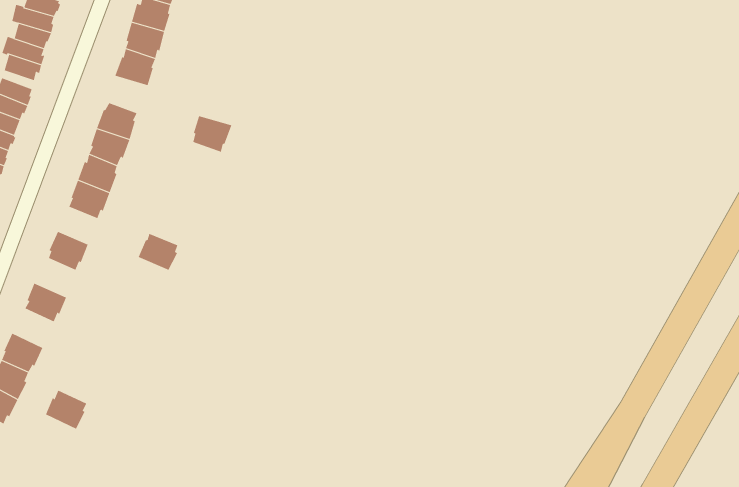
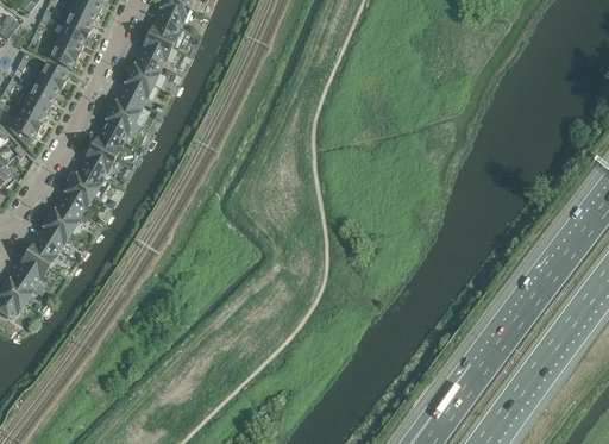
building: [193,115,232,153] -> [124,71,155,101]
building: [138,233,178,271] -> [73,163,103,193]
building: none -> [50,199,82,230]
building: [45,390,87,429] -> [29,233,61,264]

